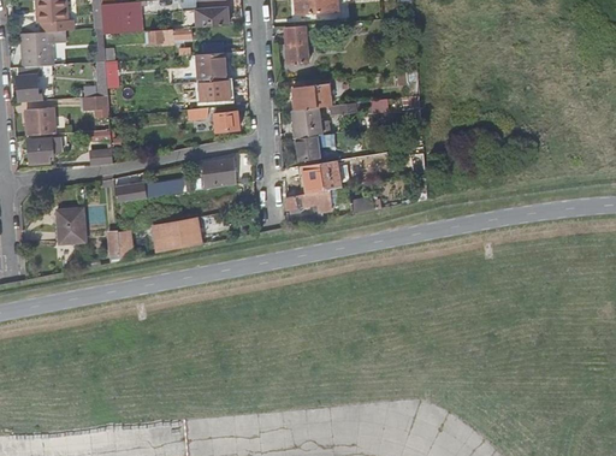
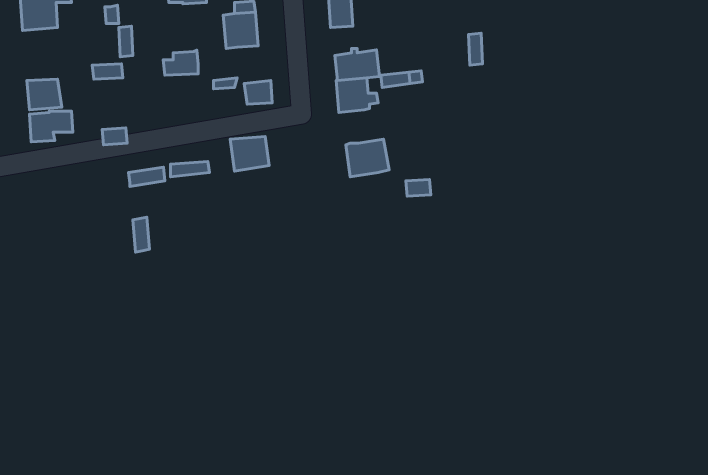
building: [17,66,41,102] -> none
building: [199,79,229,101] -> [163,50,198,75]
building: [295,136,319,165] -> none
building: [284,190,331,212] -> none
building: [55,208,83,244] -> none
building: [149,218,199,251] -> none

